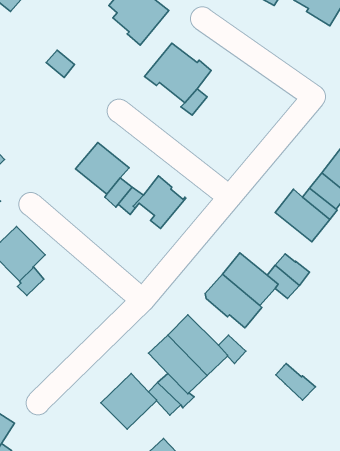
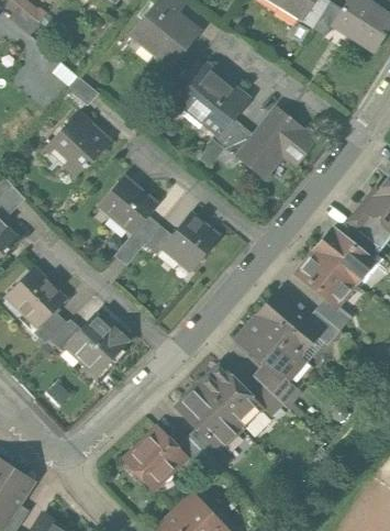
building: none -> [237,108,315,175]
building: none -> [49,111,107,174]
building: none -> [297,252,354,306]
building: none -> [66,311,125,370]
building: [276,364,316,400] -> [254,363,297,402]

